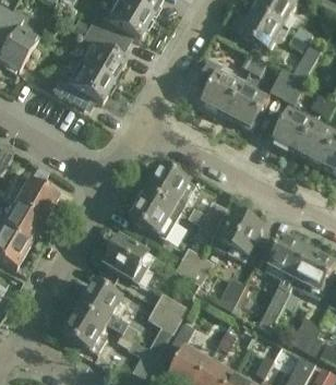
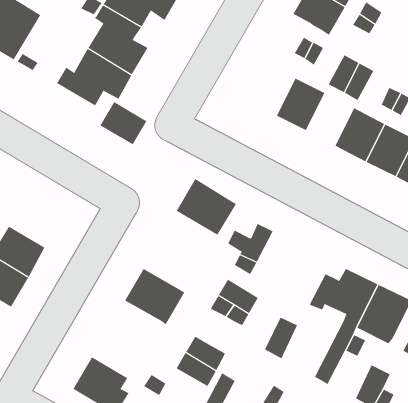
building: [197,61,245,116] -> none
building: none -> [100,101,147,145]
building: [13,179,58,221] -> none
building: [132,192,181,238] -> none
building: [209,214,263,262] -> none
building: [80,282,130,326] -> none

